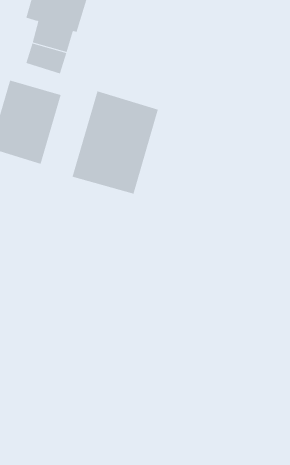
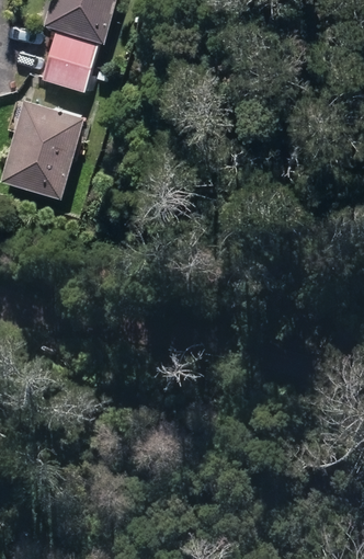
building: [72,90,159,195] -> none

